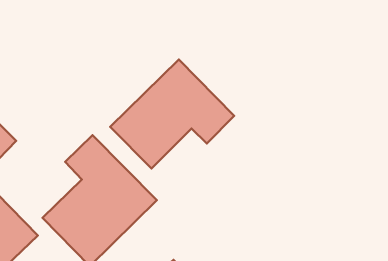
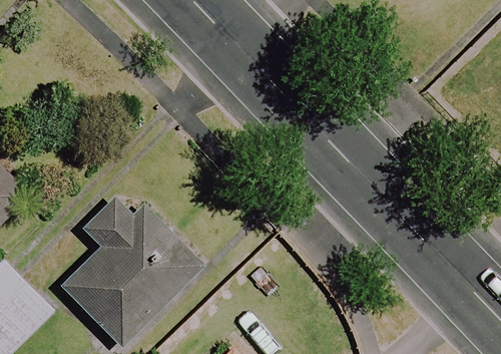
building: [110,60,234,168] -> none

